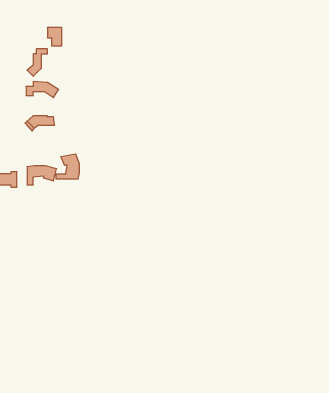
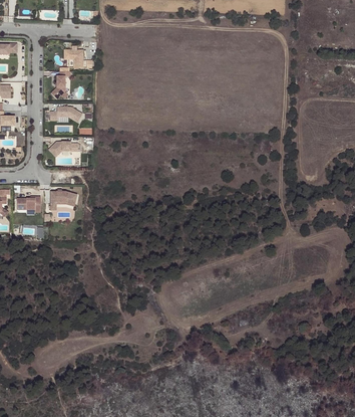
building: [56,154,79,179] -> none

